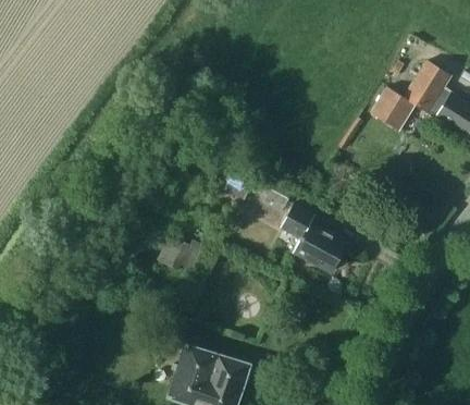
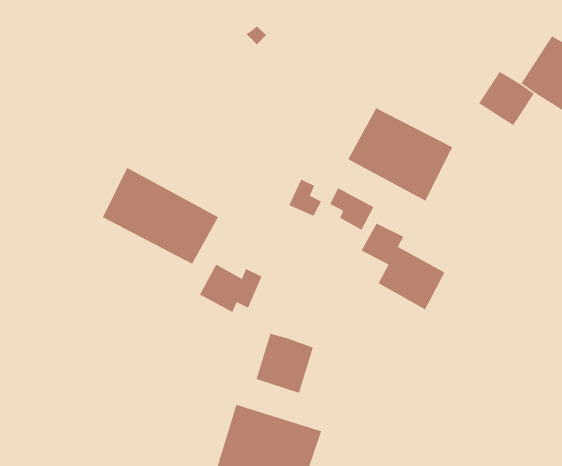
building: none -> [347,107,453,202]
building: none -> [102,167,219,265]
building: none -> [255,333,314,394]

